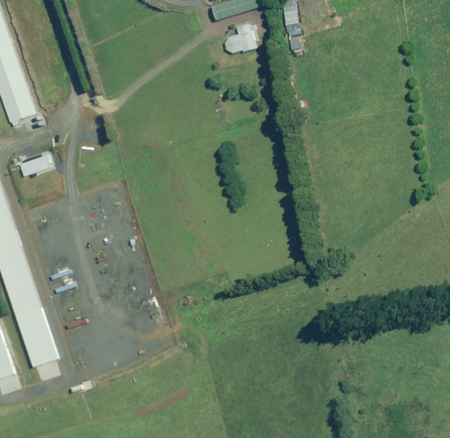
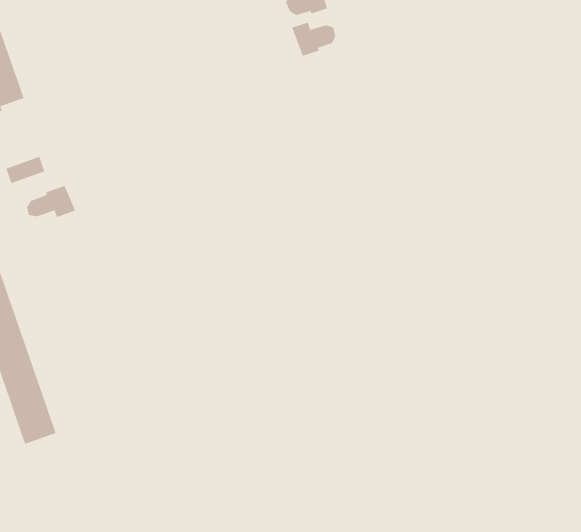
building: none -> [291,22,336,57]
building: none -> [26,185,76,218]

